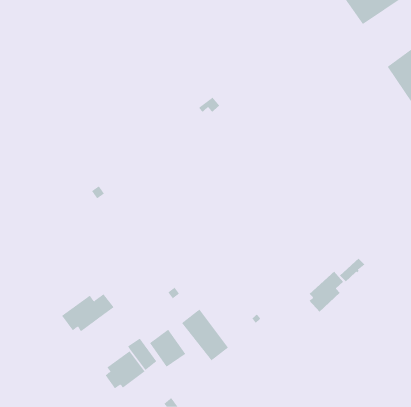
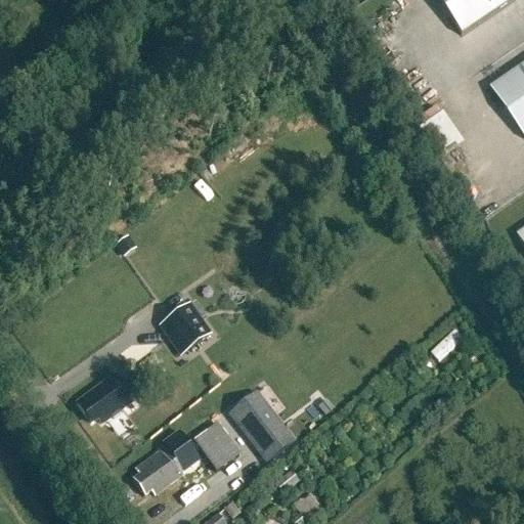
building: none -> [163,303,210,351]
building: [308,271,344,313] -> none

